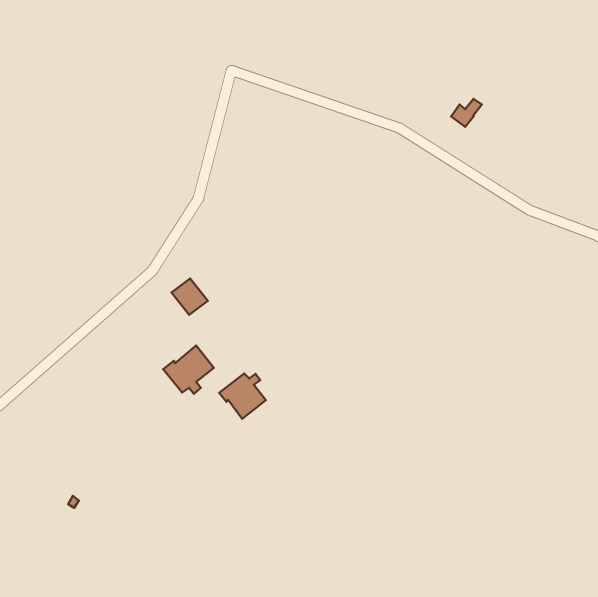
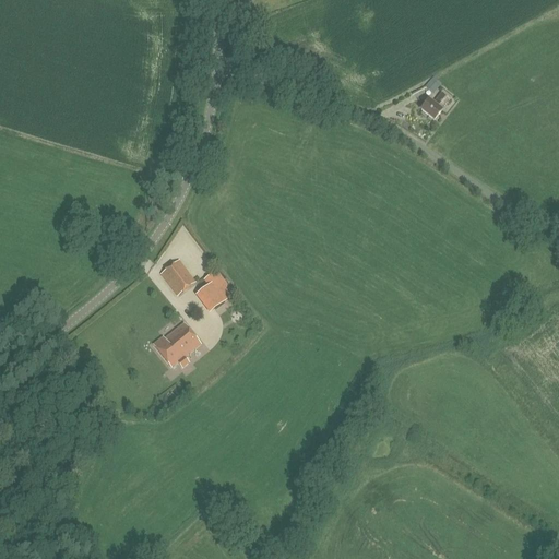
building: none -> [202,267,233,304]
building: [219,373,266,419] -> none

